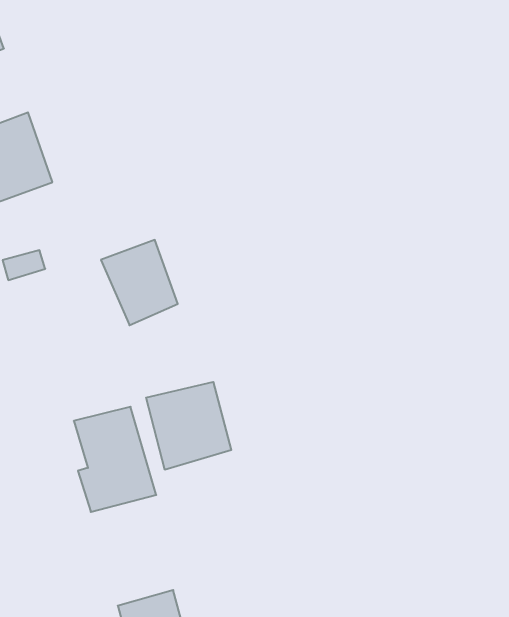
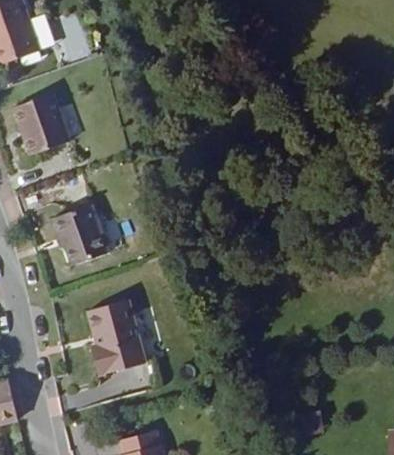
building: [101,240,178,325] -> [56,204,110,264]
building: [146,382,231,470] -> none

